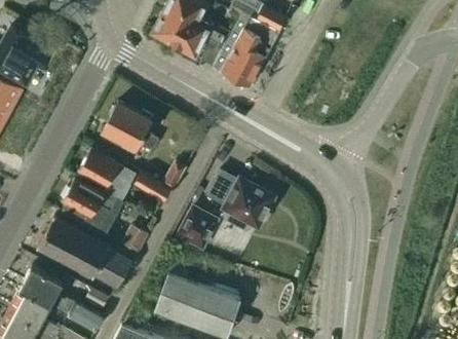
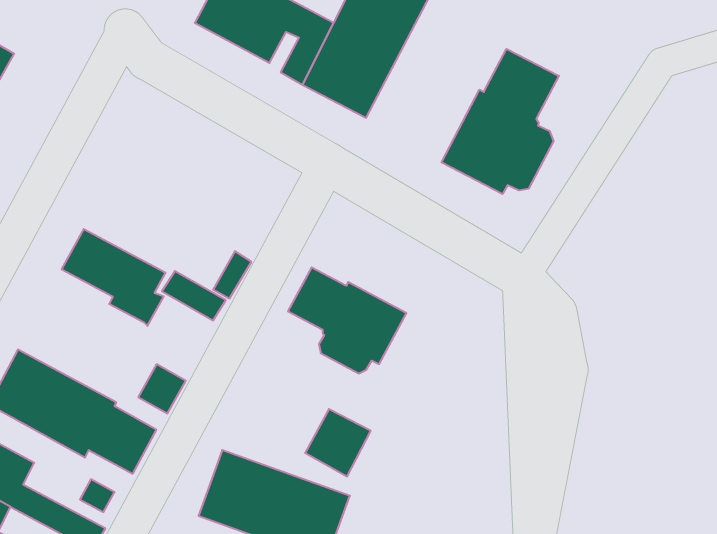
building: none -> [442,49,559,194]
building: [103,102,158,149] -> none
building: [61,179,124,236] -> none
building: [179,209,216,247] -> [305,409,371,477]

